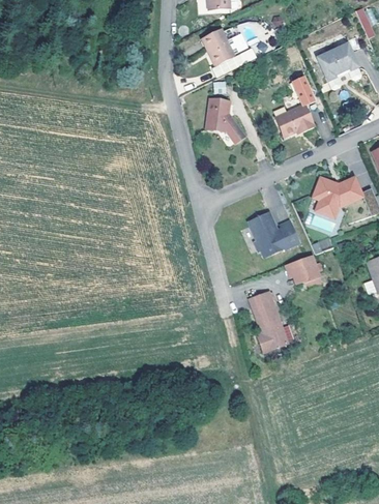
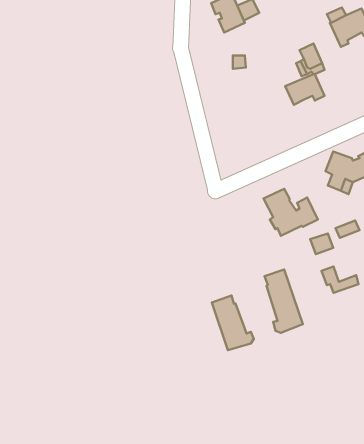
building: [207,99,242,143] -> none
building: [285,261,320,286] -> [321,267,358,293]
building: none -> [212,296,254,350]

